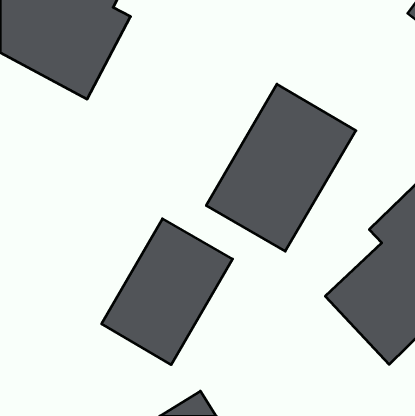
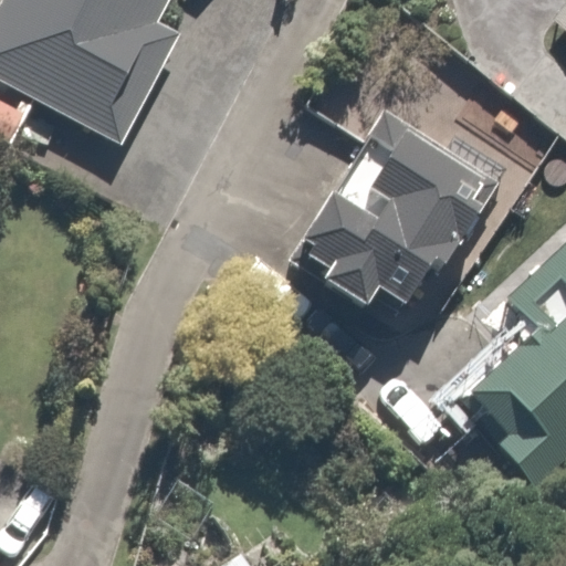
building: [102,219,233,365] -> none

